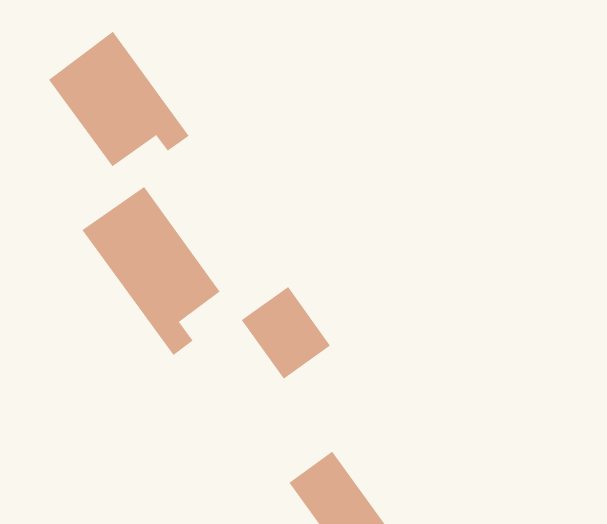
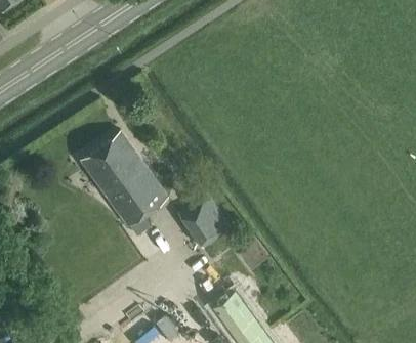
building: [48,31,190,167] -> none

